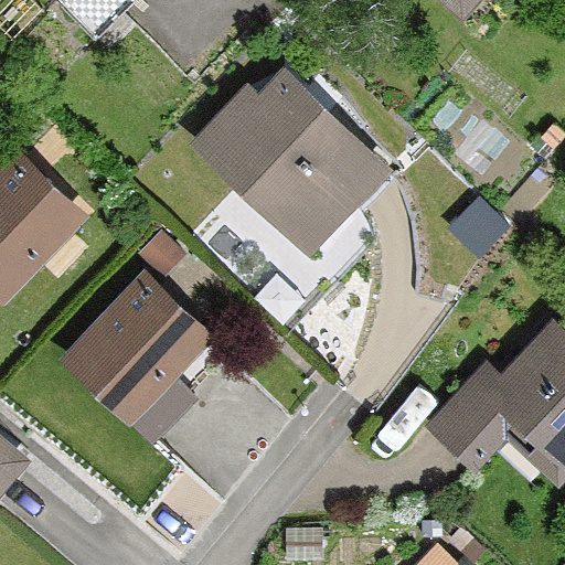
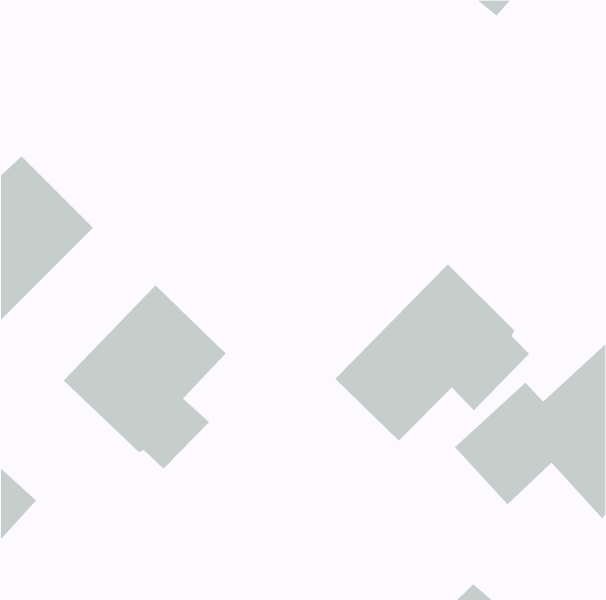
building: [186,53,394,258] -> none
building: none -> [335,263,530,441]

